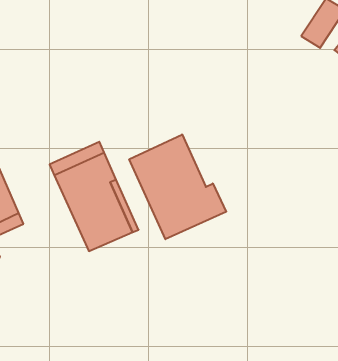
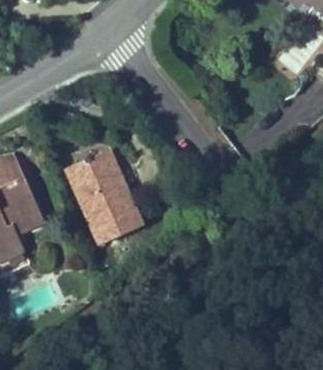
building: [129,134,226,239] -> none

